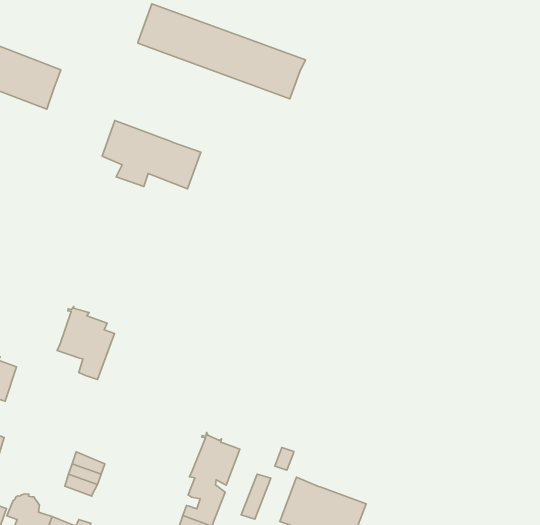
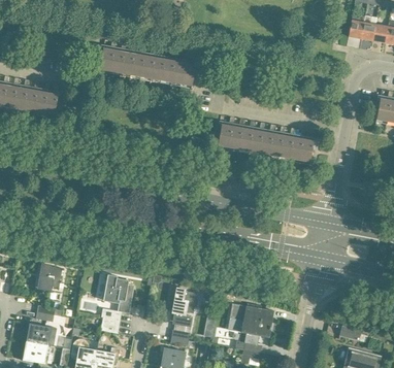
building: [102,121,201,189] -> none
building: none -> [217,123,314,164]
building: [57,306,115,379] -> [103,273,134,312]

